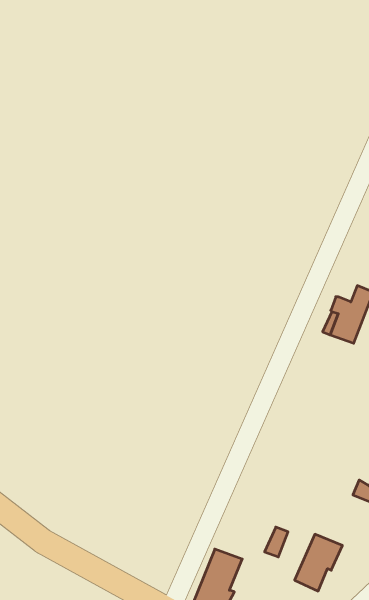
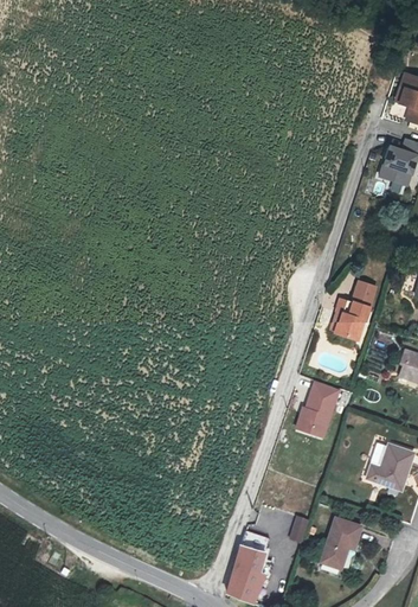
building: none -> [297,379,341,433]

